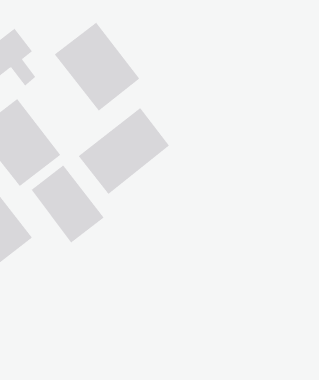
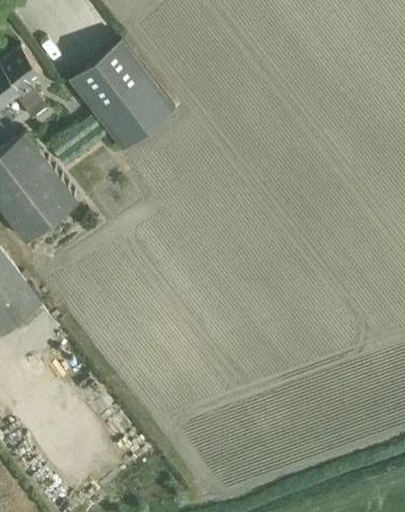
building: [78,107,170,195] -> none
building: [31,164,105,243] -> none

